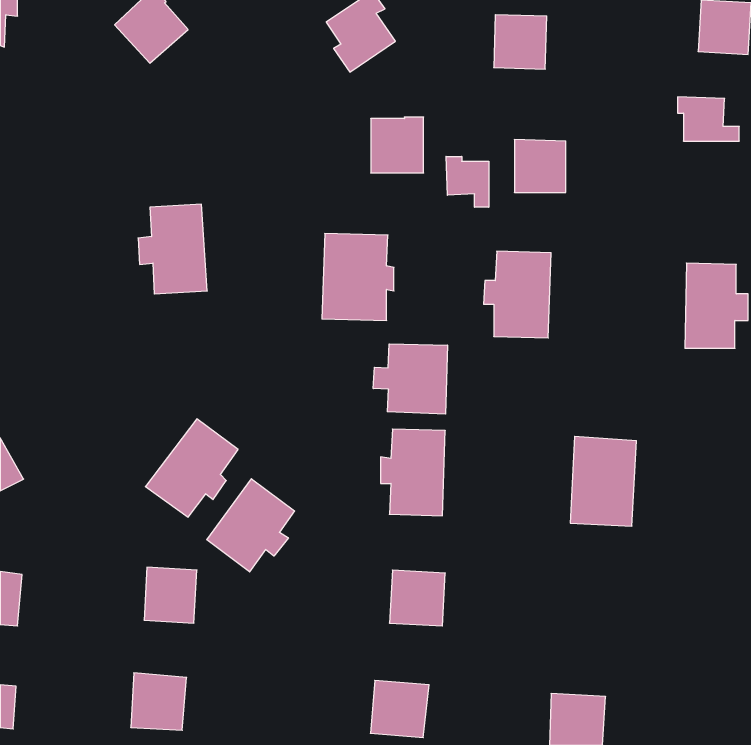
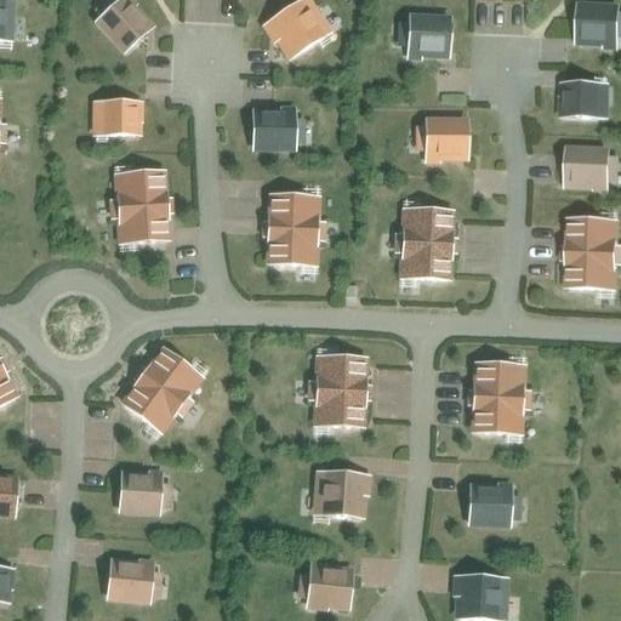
building: [371,117,424,173] -> [252,104,296,150]
building: none -> [92,99,142,133]
building: [446,156,489,207] -> none
building: none -> [564,144,611,188]
building: [373,344,447,414] -> none
building: [207,479,295,572] -> none
building: none -> [468,482,512,526]

